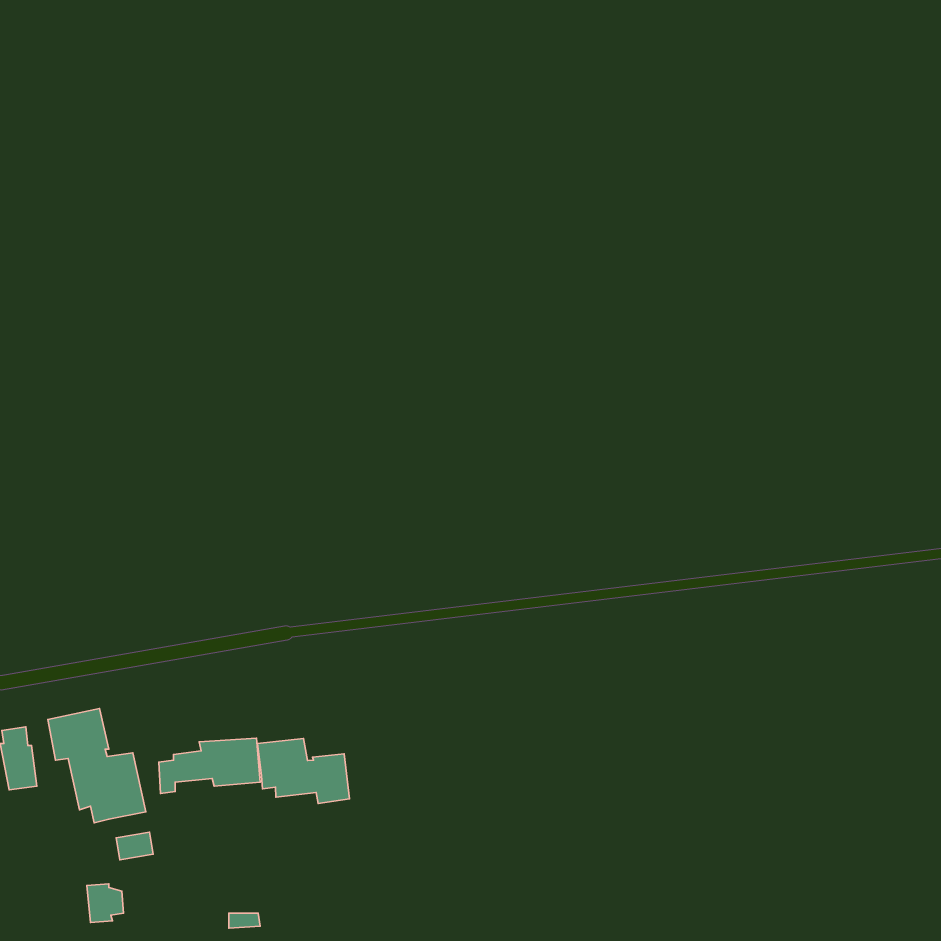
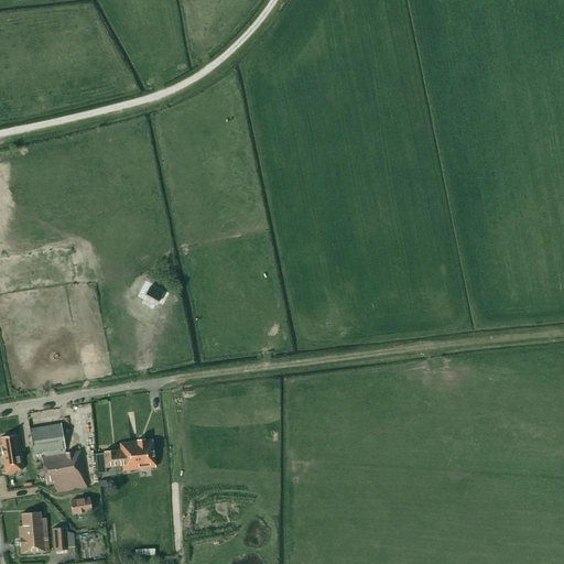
building: [257,739,349,804] -> none
building: none -> [19,512,48,554]

